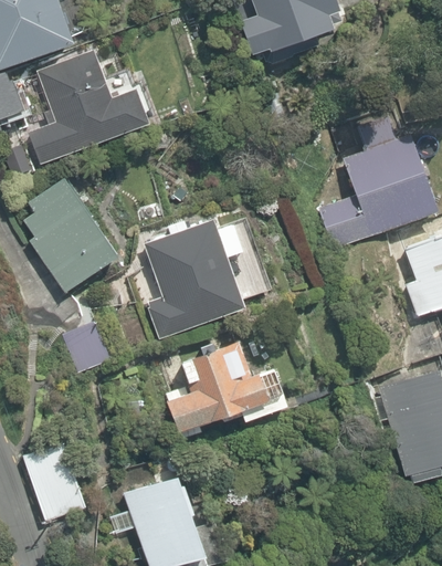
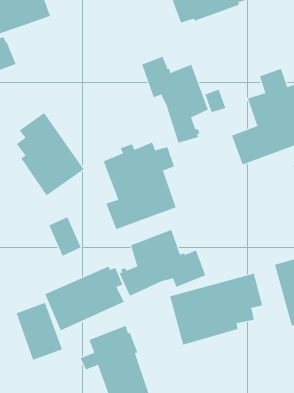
building: [30,51,148,165] -> none
building: none -> [141,56,208,144]
building: none -> [45,266,125,331]
building: none -> [170,273,263,345]

